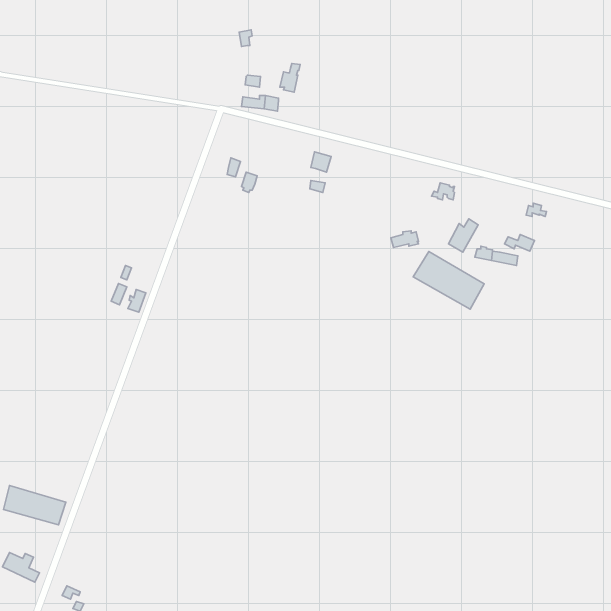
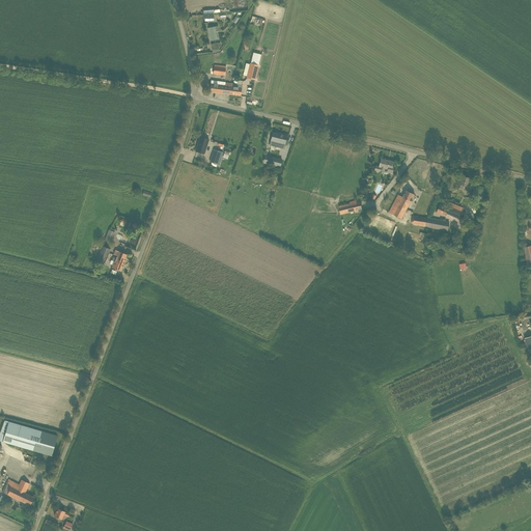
building: [413,251,484,309] -> none

